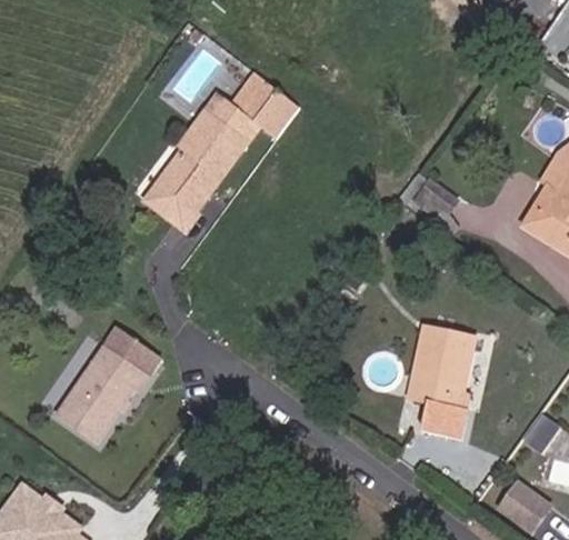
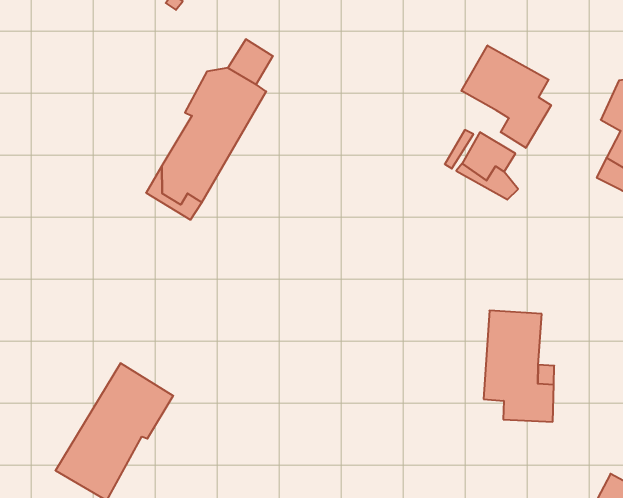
building: [253,94,300,140] -> none
building: none -> [461,45,551,148]

